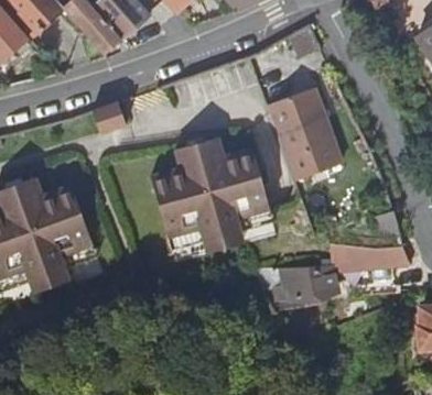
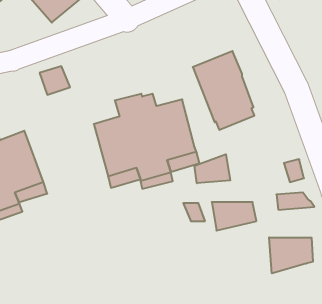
building: none -> [195,154,230,183]
building: none -> [269,237,313,273]

